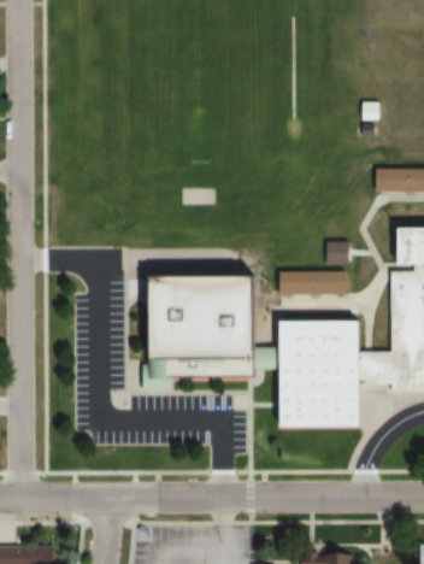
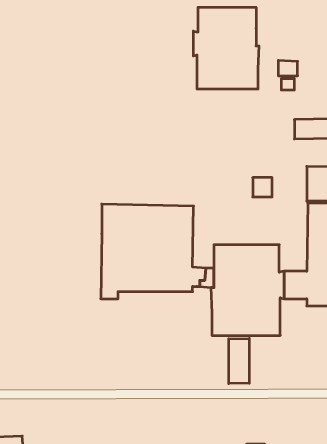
building: none -> [193,7,259,89]
building: [281,270,348,296] -> none
building: none -> [229,338,249,384]

